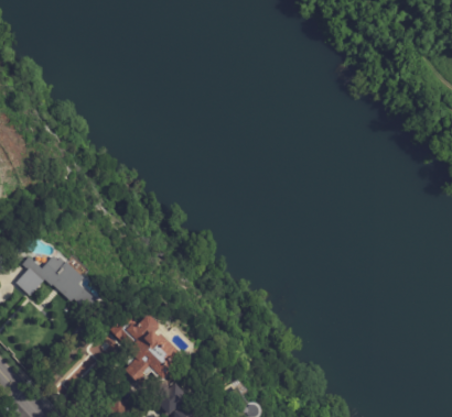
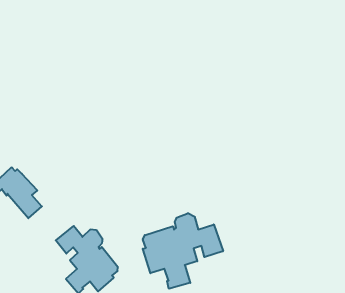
building: none -> [143,213,223,289]

